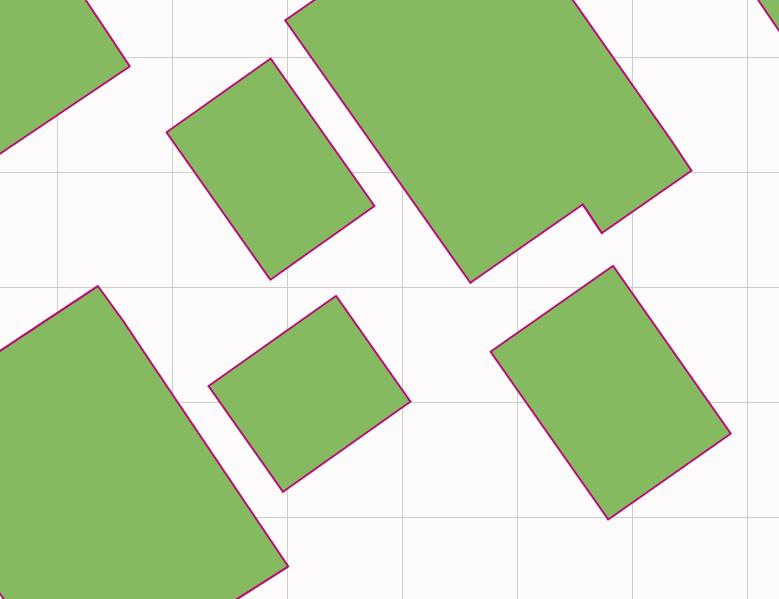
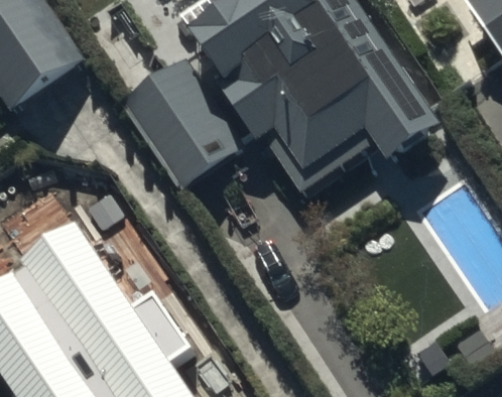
building: [491,266,731,520] -> none
building: [208,296,411,492] -> none

